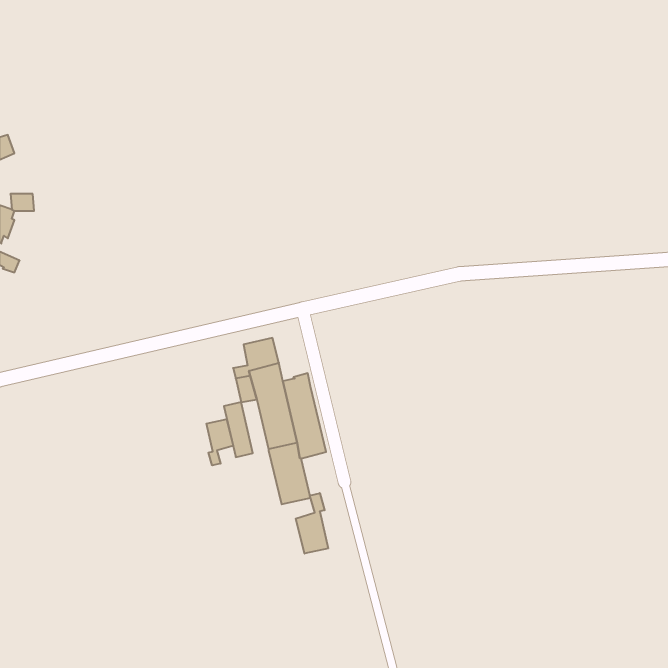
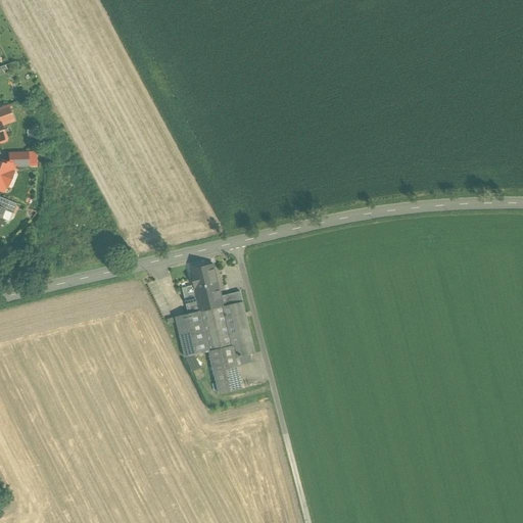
building: [206,419,233,465] -> none
building: [296,493,328,554] -> none

